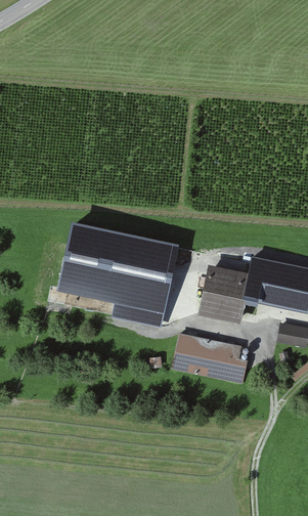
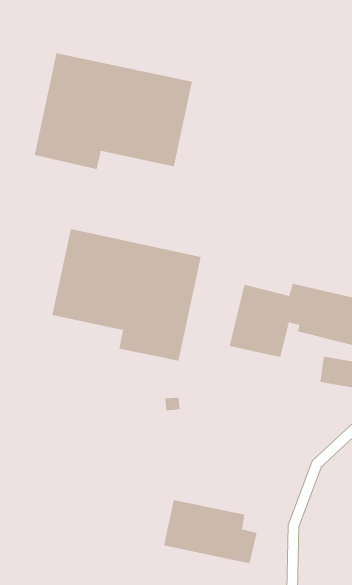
building: none -> [34,52,193,170]
building: [170,332,248,385] -> [163,500,258,564]

